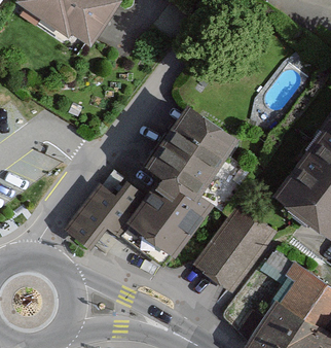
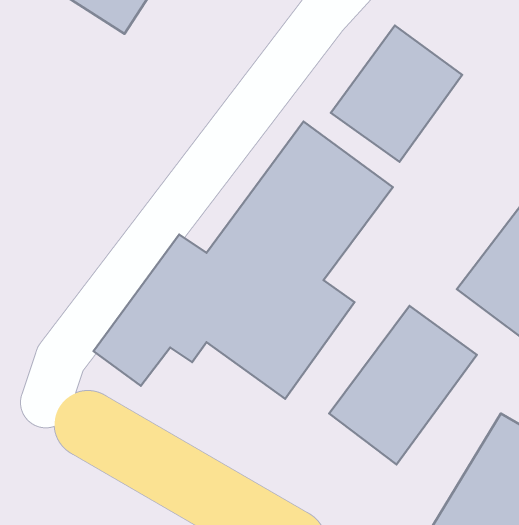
building: none -> [331,25,462,162]

